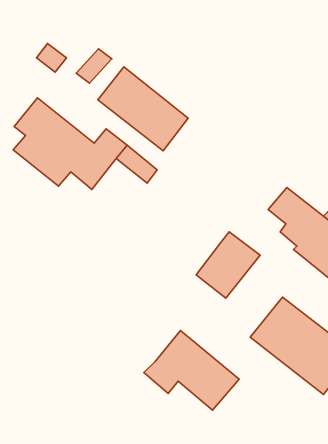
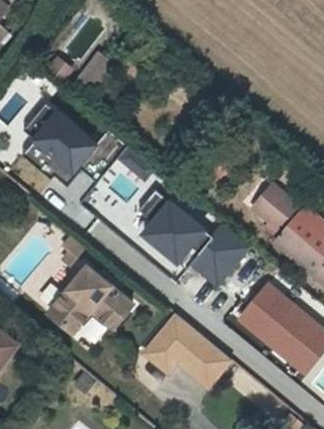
building: [98,67,188,151] -> none
building: none -> [140,190,213,270]
building: none -> [46,274,128,336]

